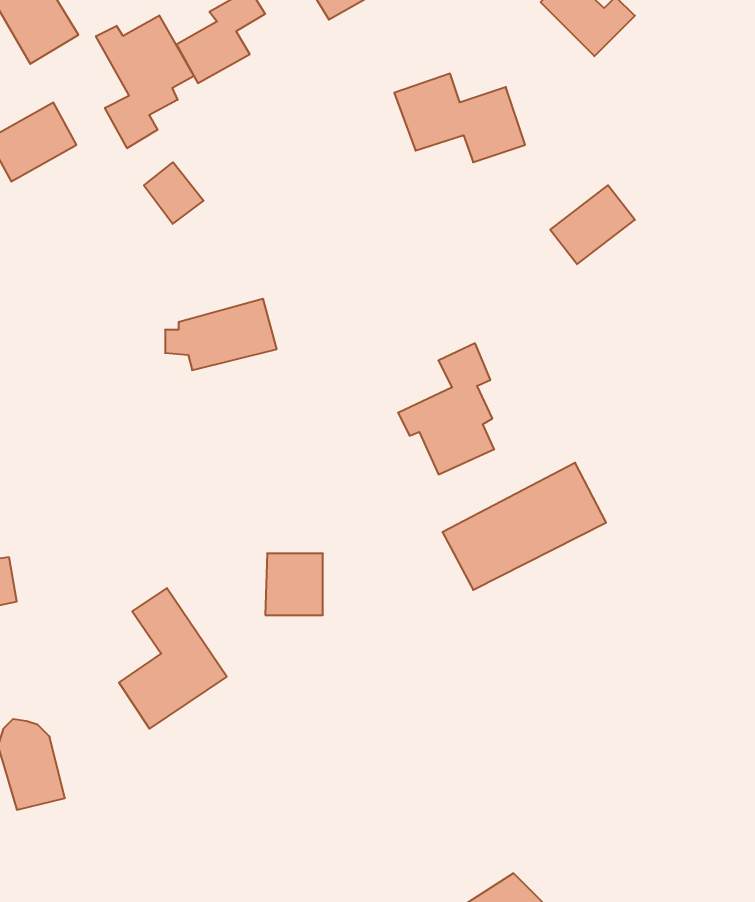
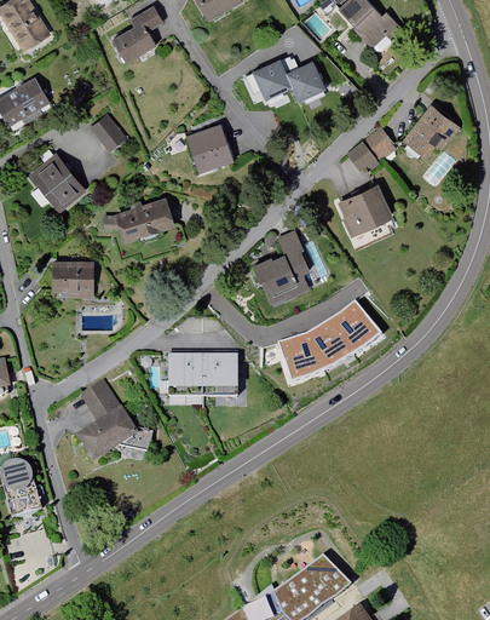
building: [96,15,194,148] -> none
building: none -> [400,102,460,162]
building: none -> [185,125,234,174]
building: none -> [31,156,85,211]
building: none -> [336,183,391,236]
building: none -> [51,263,93,295]
building: none -> [203,357,237,397]

